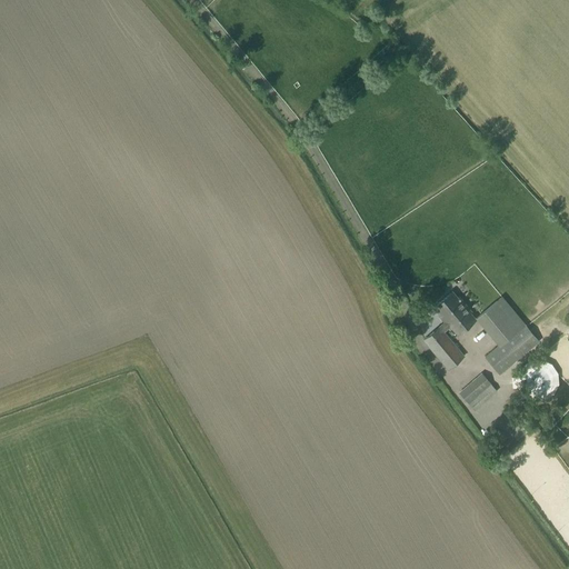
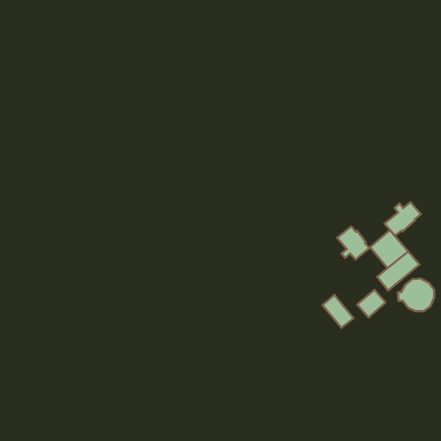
building: none -> [385,202,421,236]
building: [425,326,465,368] -> [322,295,354,328]

